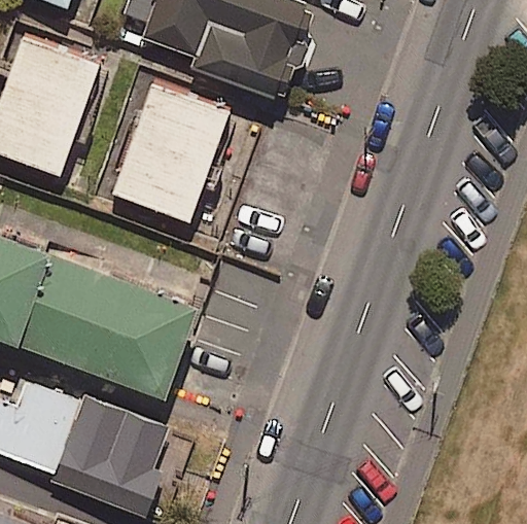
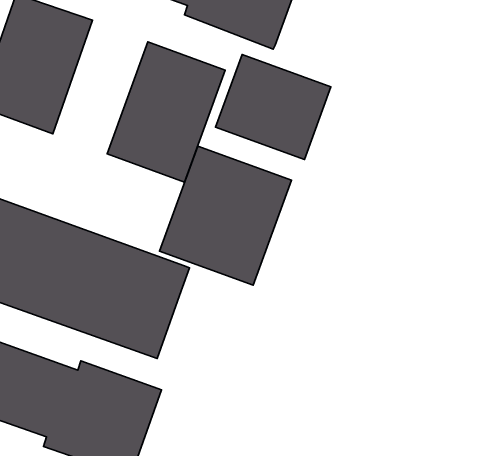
building: none -> [216,55,331,160]
building: none -> [159,146,292,285]

